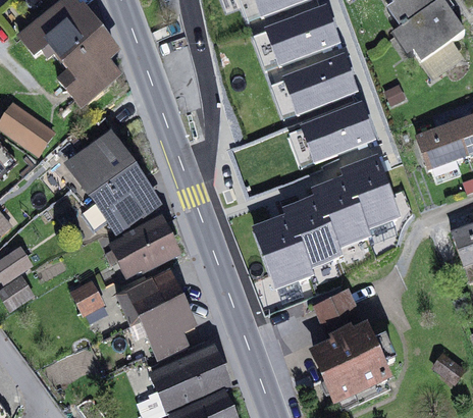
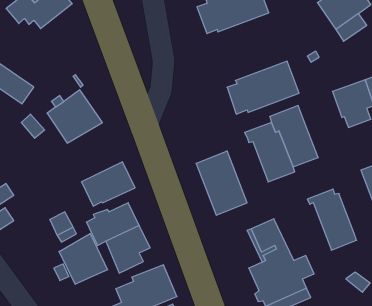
building: [59,30,119,104] -> none
building: [271,52,359,115] -> none
building: [83,174,158,229] -> none
building: [282,193,343,267] -> [307,189,357,250]
building: none -> [59,233,108,284]

